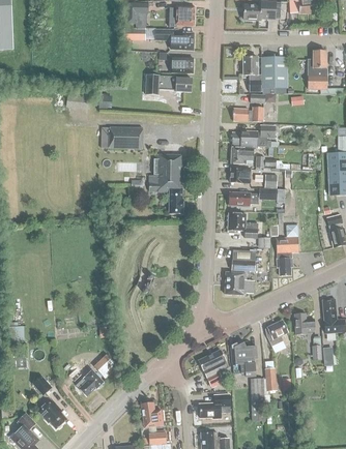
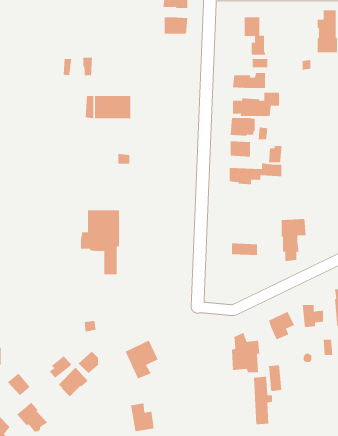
building: [260,55,286,87] -> none
building: [145,73,192,93] -> none
building: [148,154,183,212] -> [80,210,120,275]
building: [227,211,257,236] -> none
building: [224,270,254,293] -> none
building: [198,348,228,383] -> [125,340,158,379]
building: [199,392,230,417] -> none

